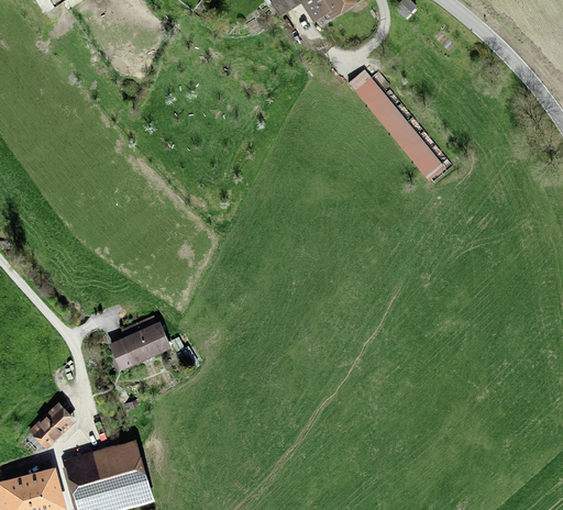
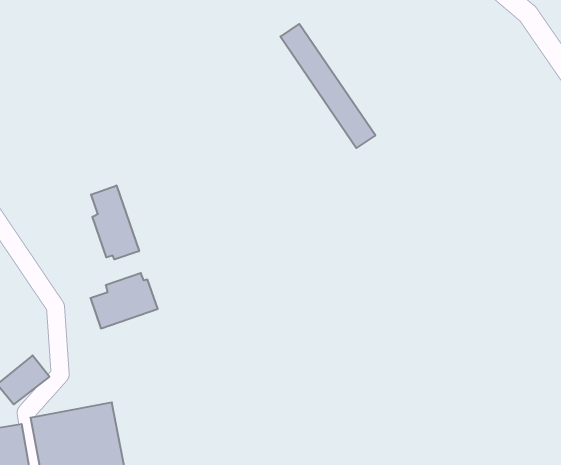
building: [349,68,445,179] -> [280,24,375,148]
building: none -> [91,185,139,259]

